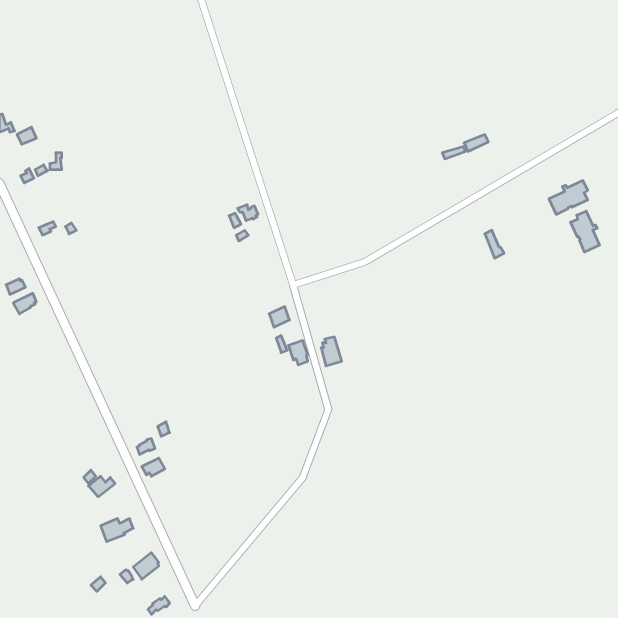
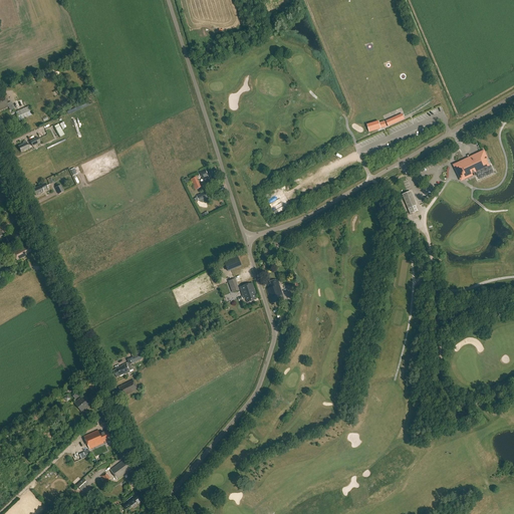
building: [571,211,600,252] -> none

